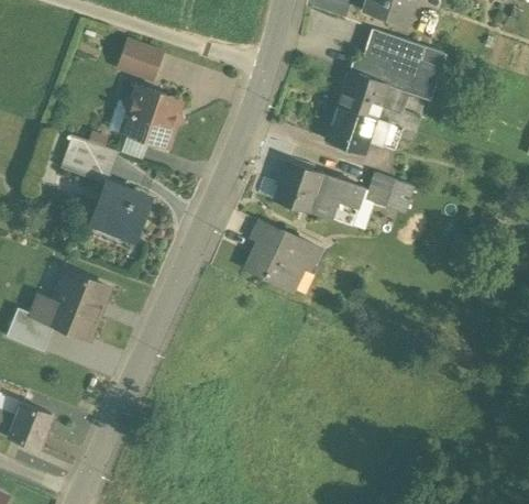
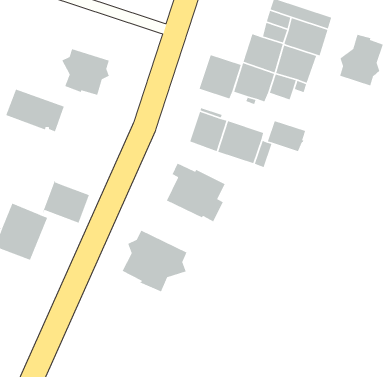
building: [119,41,162,79] -> none
building: none -> [339,34,384,86]
building: none -> [198,54,242,100]
building: [91,182,150,238] -> [41,180,91,228]
building: none -> [122,229,188,292]

